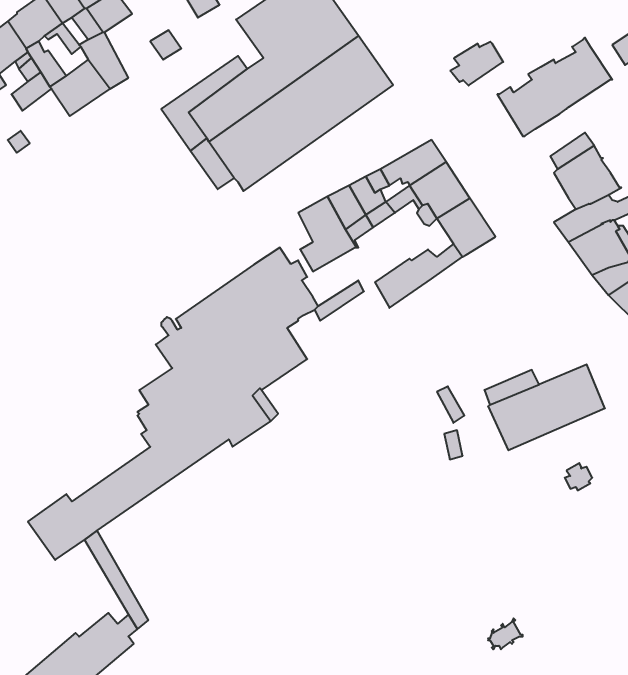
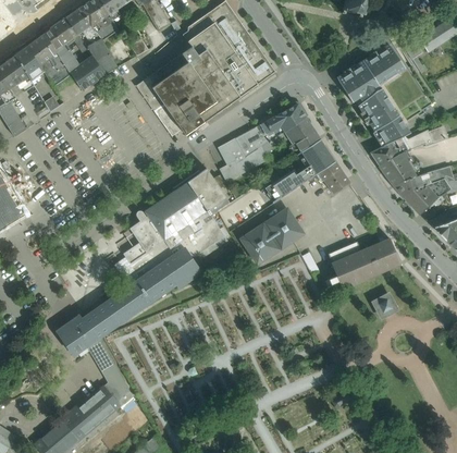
building: [450,42,503,86] -> [357,88,388,114]
building: none -> [318,162,349,194]
building: none -> [240,209,304,264]

